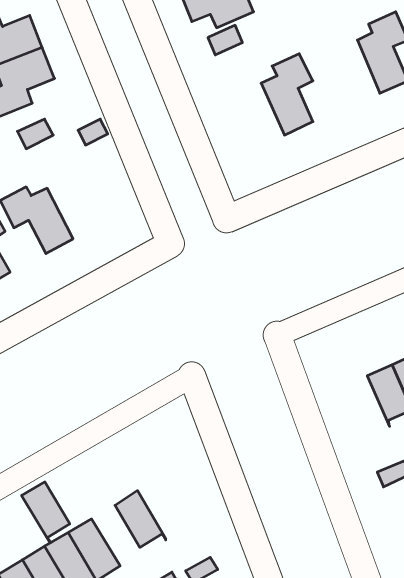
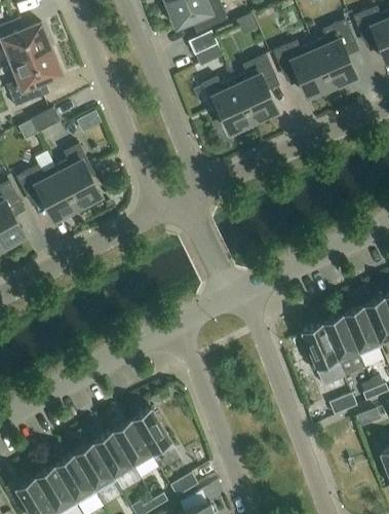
building: none -> [273,43,332,100]
building: none -> [201,79,252,135]
building: none -> [55,146,101,211]
building: none -> [300,325,340,376]
building: none -> [130,409,174,461]
building: [22,482,70,542] -> [92,433,132,483]

